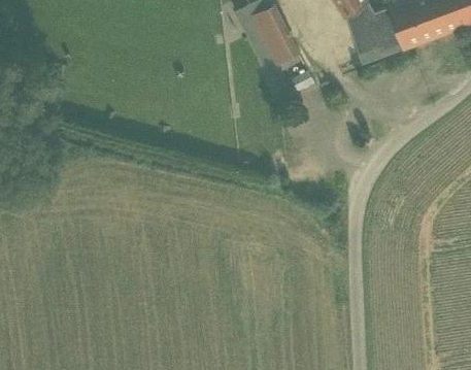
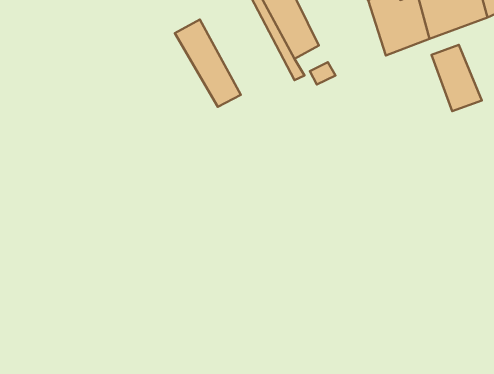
building: none -> [175,20,241,107]
building: none -> [431,45,482,111]

